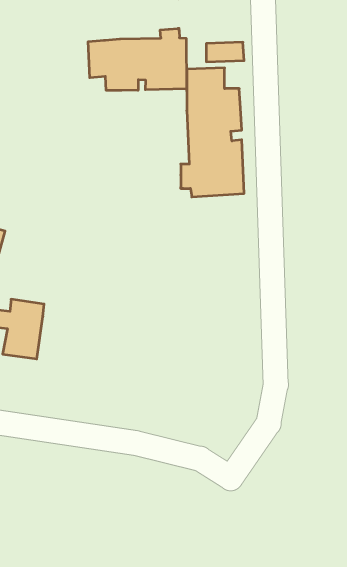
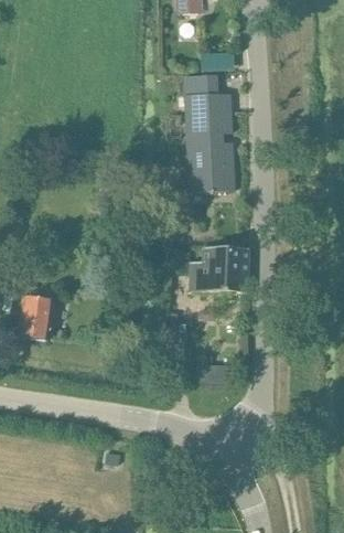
building: [88,28,186,90] -> none
building: none -> [164,246,248,291]

